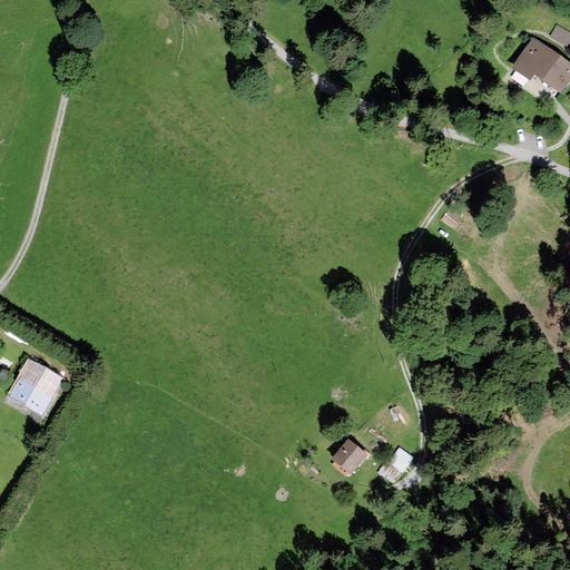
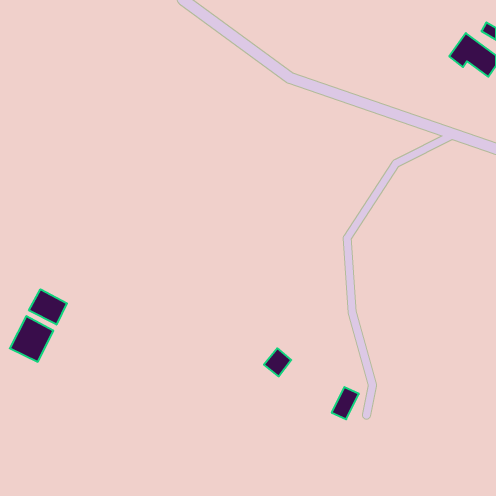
building: none -> [29,289,67,325]
building: [333,440,364,472] -> [264,348,291,376]

